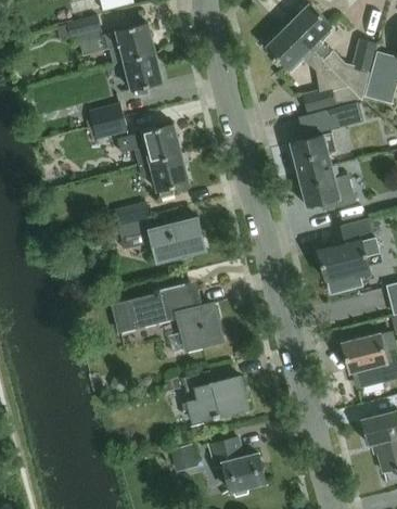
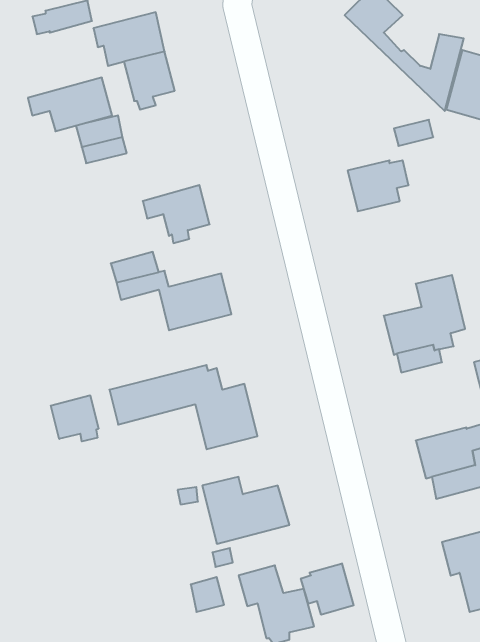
building: [266,26,363,114] -> none
building: [117,125,180,165] -> [28,78,112,131]
building: [298,165,355,211] -> none
building: none -> [51,395,98,441]
building: none -> [301,563,354,615]

